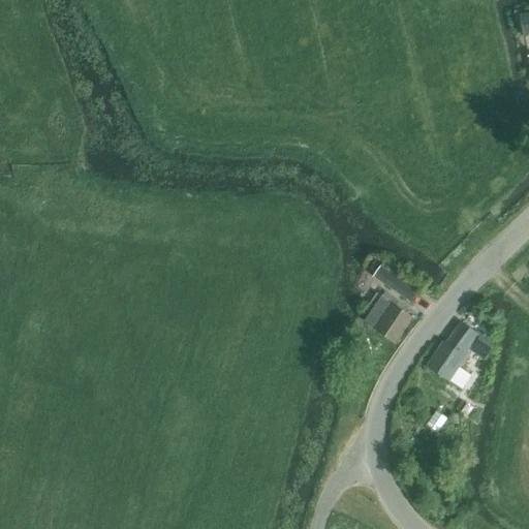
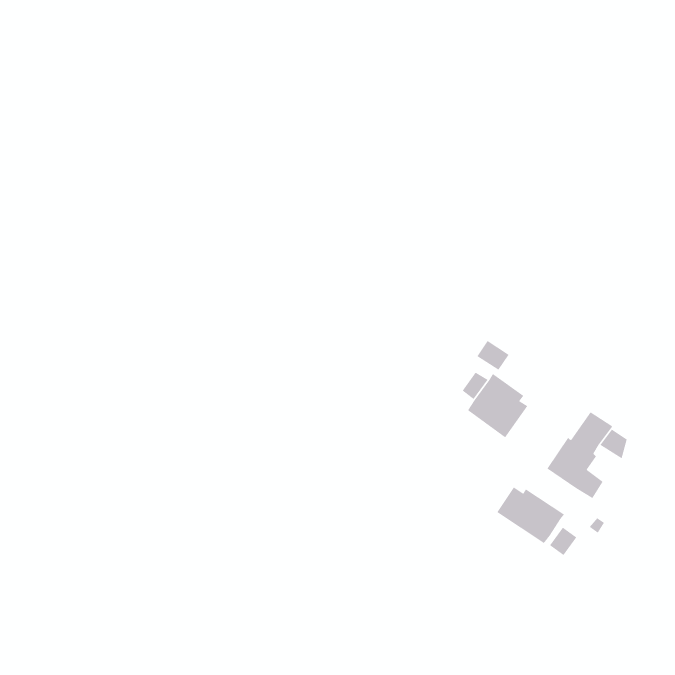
building: none -> [496,486,565,544]

